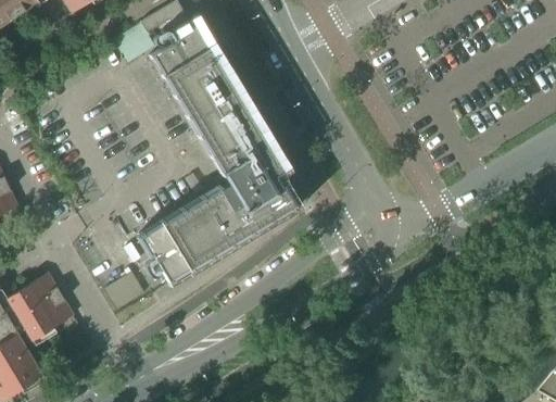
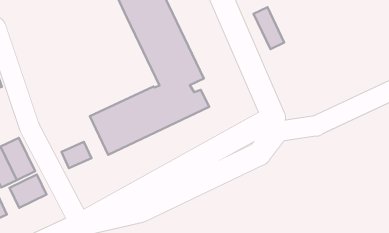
building: none -> [254,7,284,49]
building: none -> [9,175,46,208]

